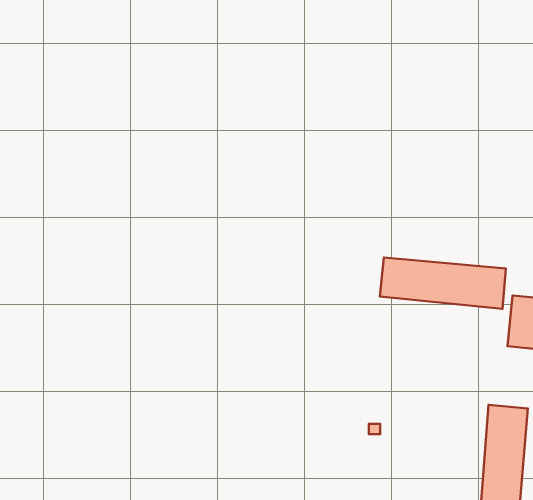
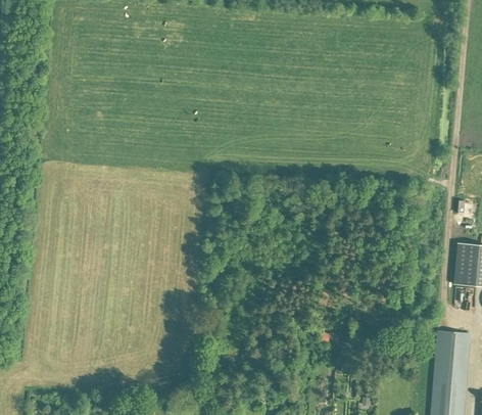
building: [380,258,506,309] -> none

